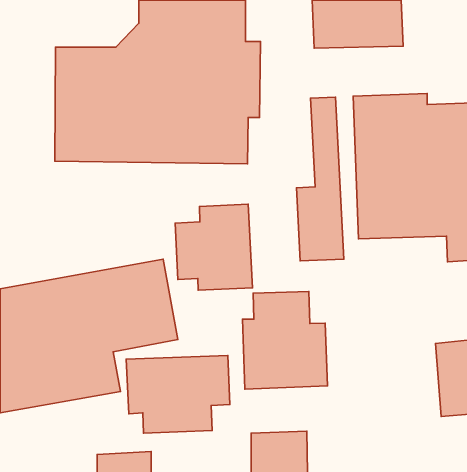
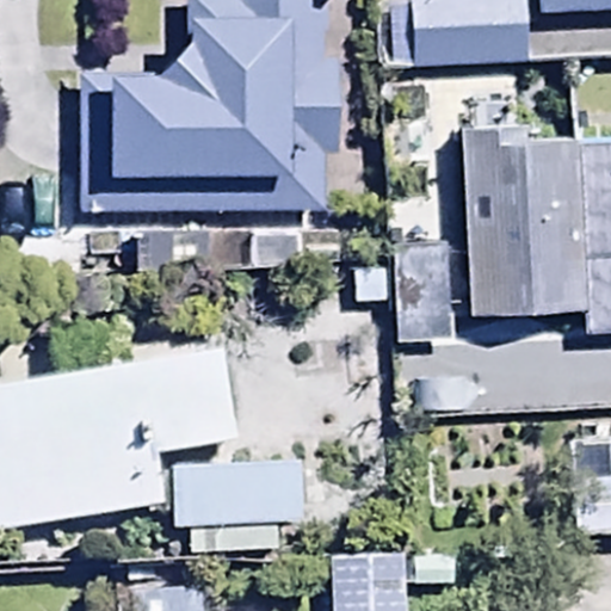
building: [175,204,252,290] -> none
building: [243,291,327,389] -> none

